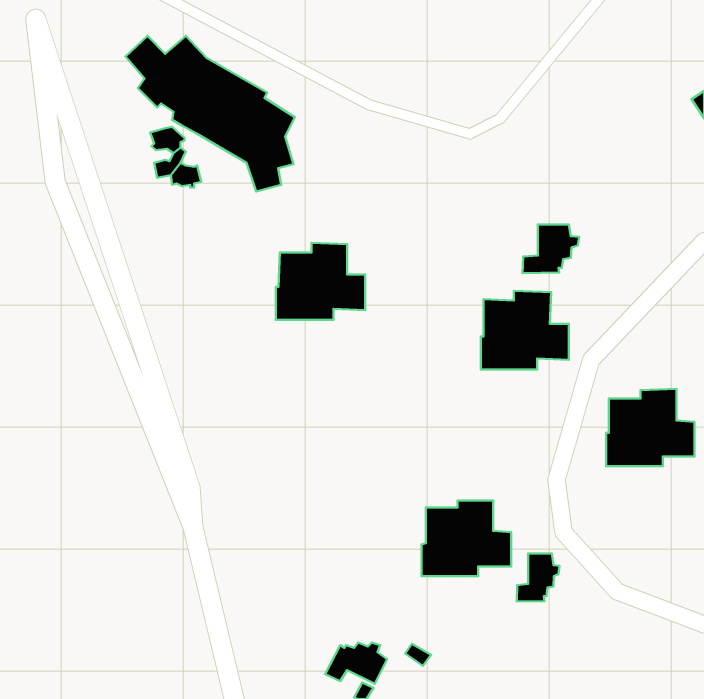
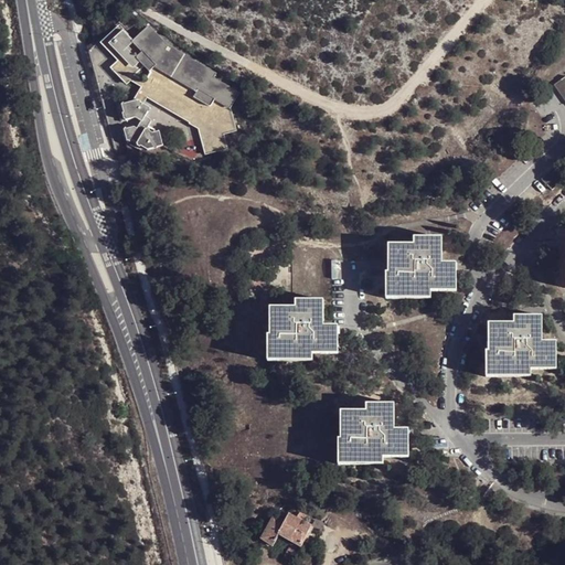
building: [522,225,579,273] -> none
building: [276,243,365,320] -> [266,297,338,359]
building: [517,554,560,602] -> none

